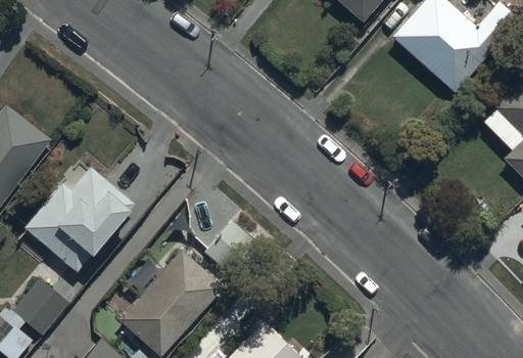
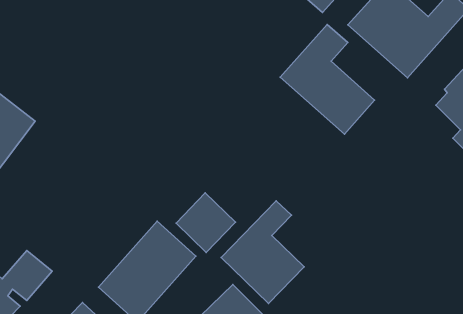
building: none -> [280,24,375,134]
building: [30,169,138,273] -> none
building: none -> [221,201,304,303]

